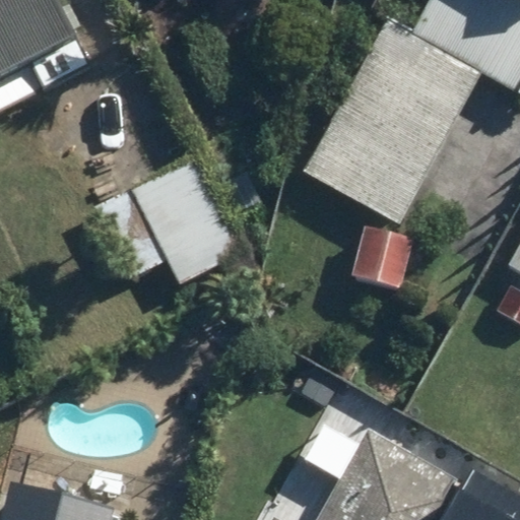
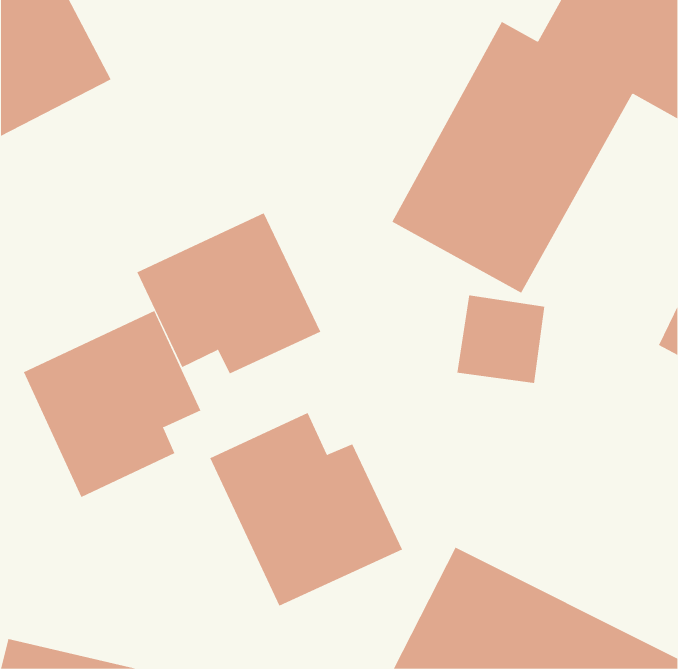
building: none -> [23,310,201,498]
building: none -> [210,412,403,606]

